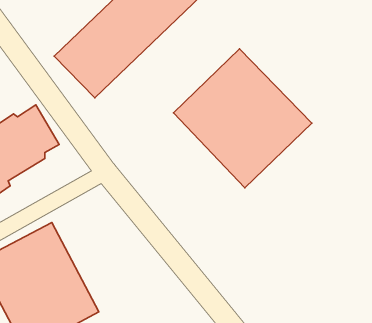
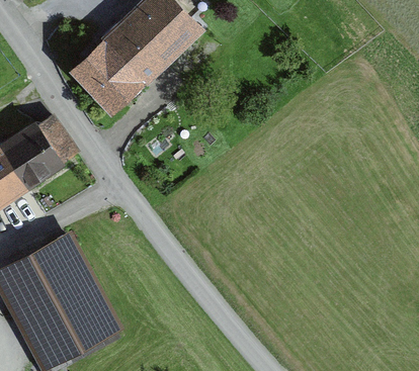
building: [174,49,312,188] -> none

